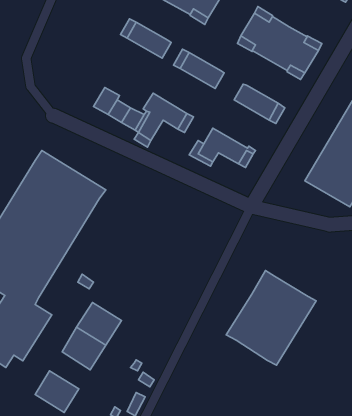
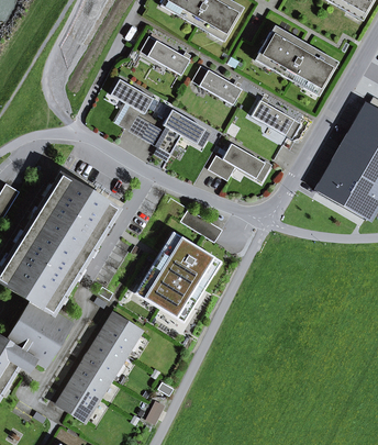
building: none -> [110,78,153,113]
building: [226,271,316,365] -> [134,233,222,325]
building: none -> [71,361,111,398]

